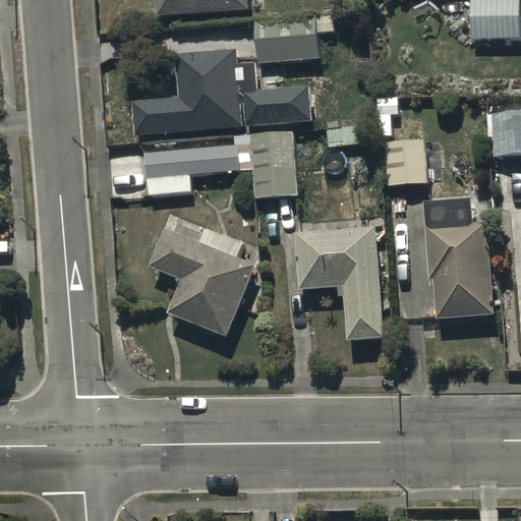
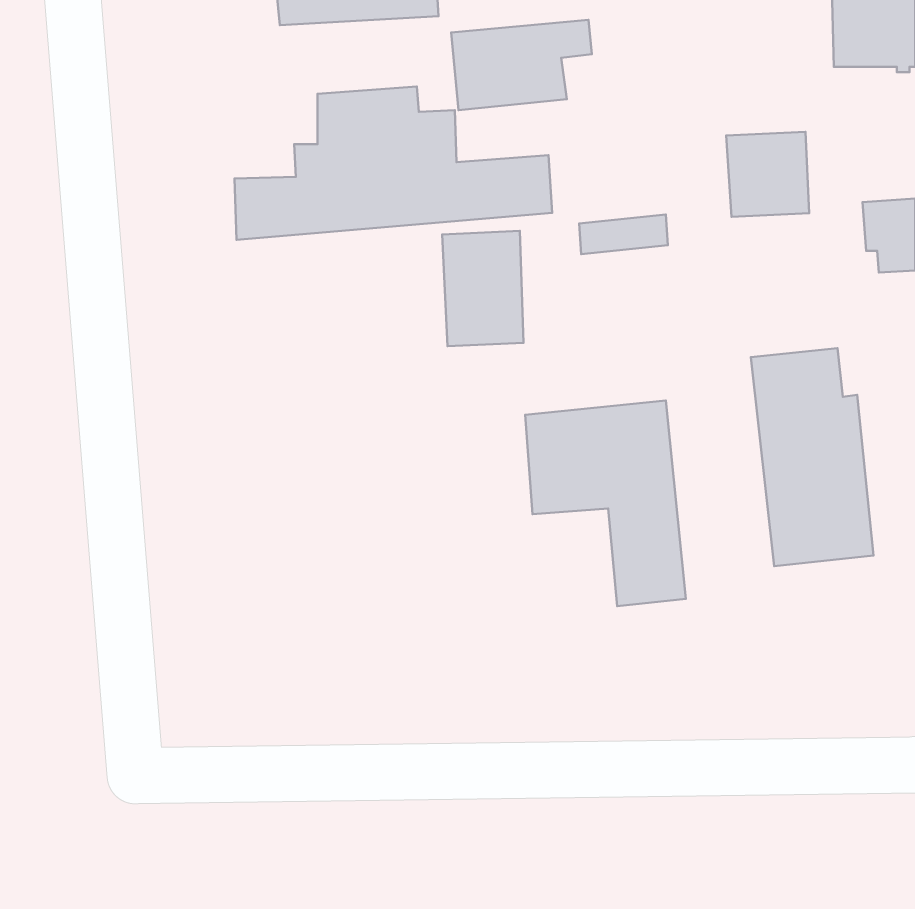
building: [146,130,249,194] -> none
building: [382,136,428,184] -> [726,132,809,217]
building: [149,215,255,337] -> none

